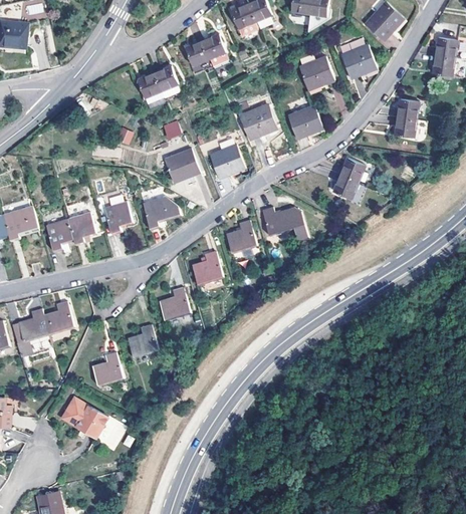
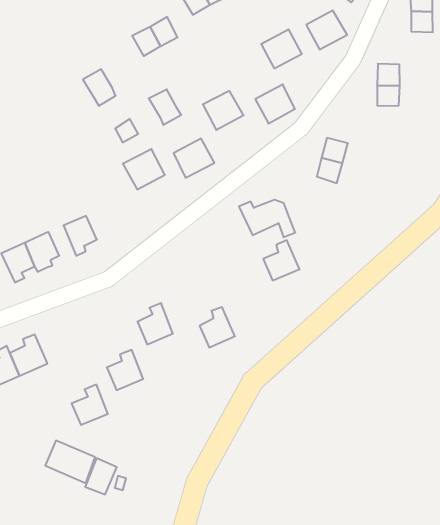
building: [154,66,181,97] -> [149,89,181,125]
building: [142,196,180,230] -> none
building: [225,219,256,253] -> [263,240,300,280]
building: [192,251,222,285] -> [200,307,235,347]

